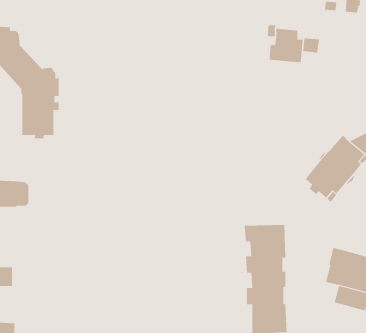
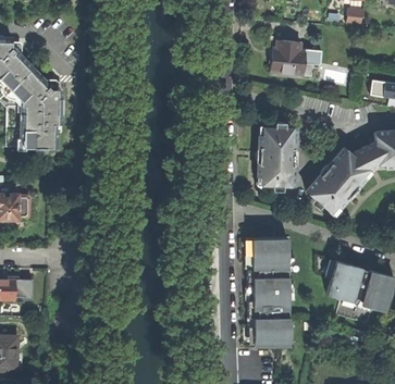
building: none -> [259,122,295,190]

